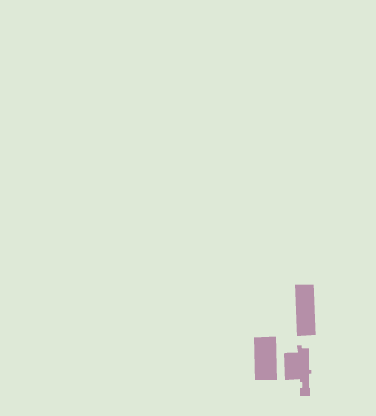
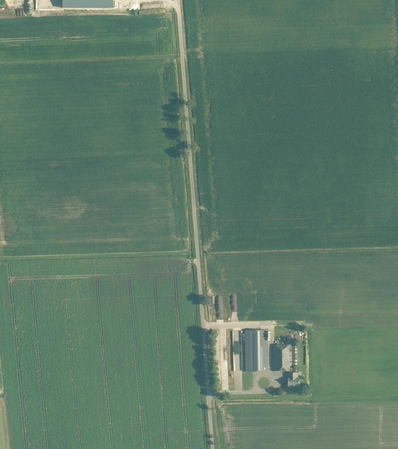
building: [294,284,316,337] -> none

